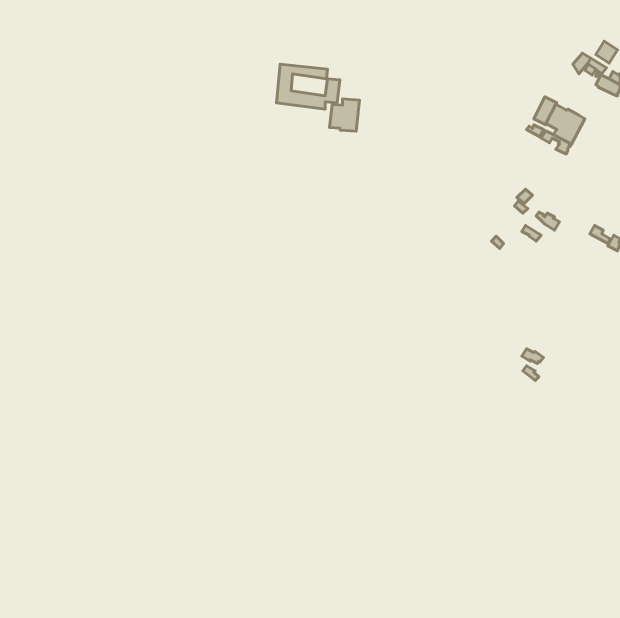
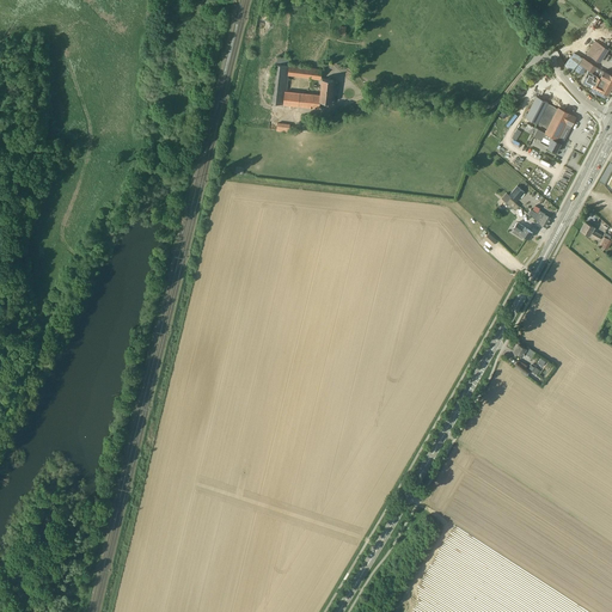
building: [329,99,359,131] -> none

